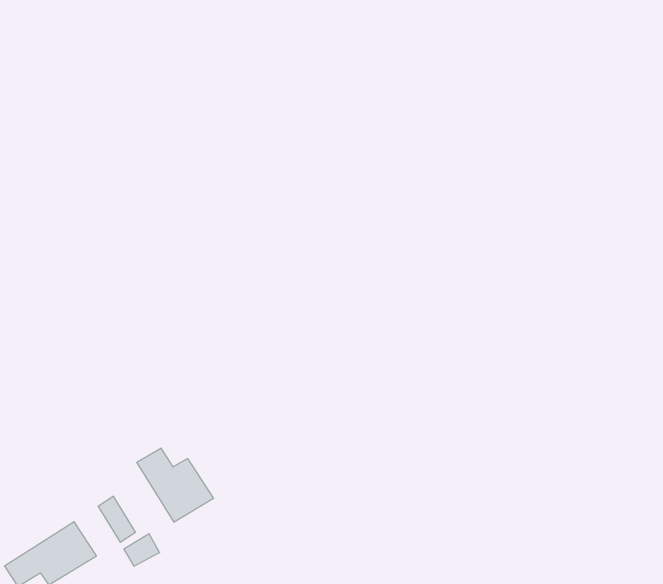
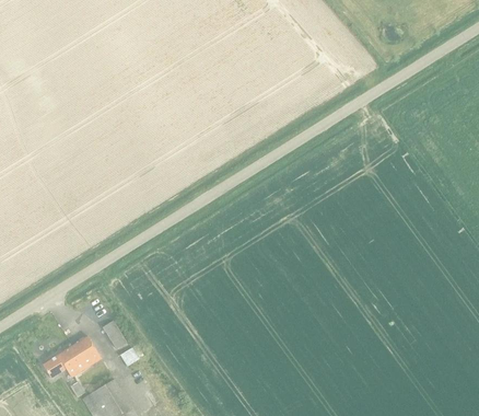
building: [137,448,213,522] -> none

